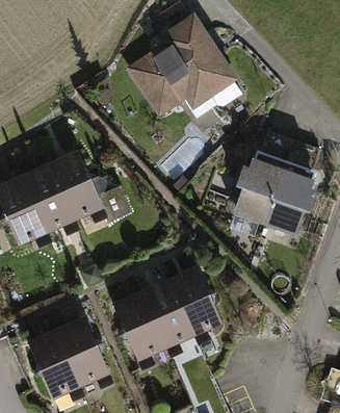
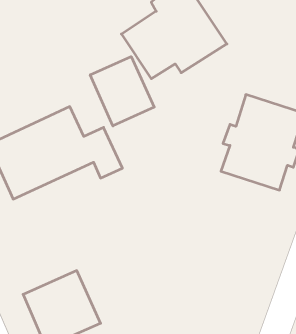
building: none -> [90,57,154,126]
building: [111,267,223,364] -> none

